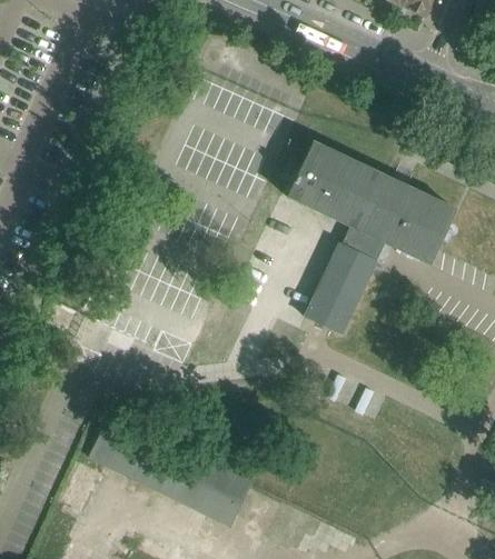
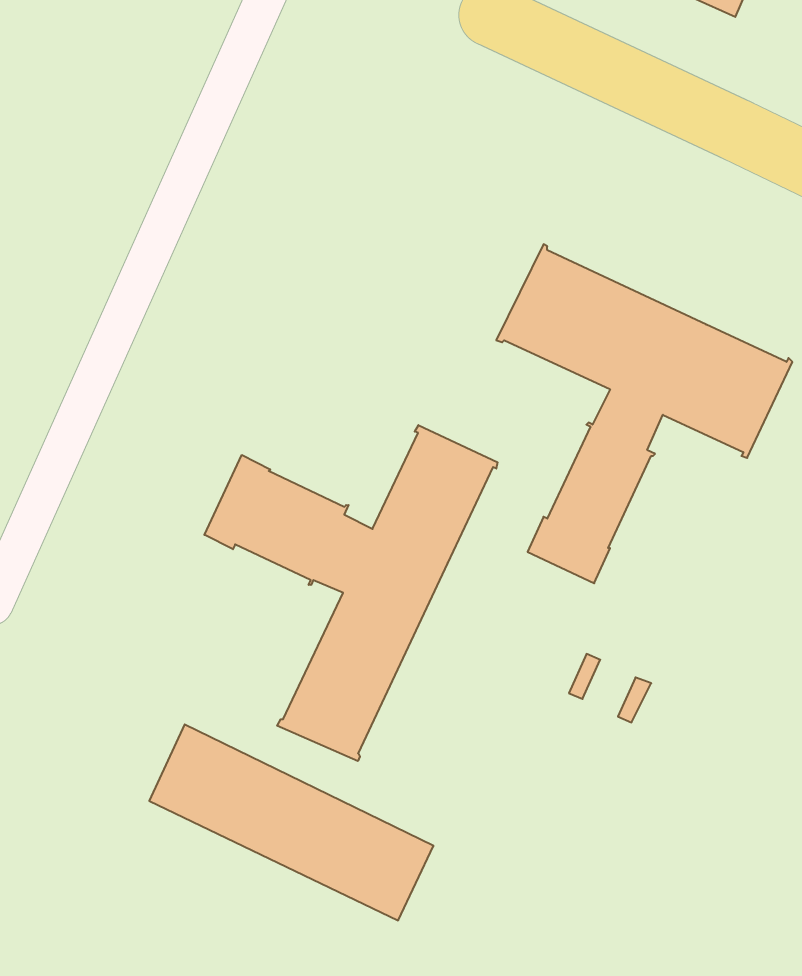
building: none -> [204,425,498,761]

